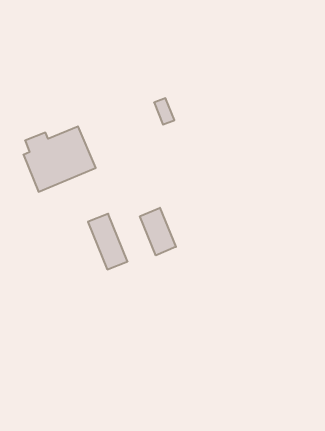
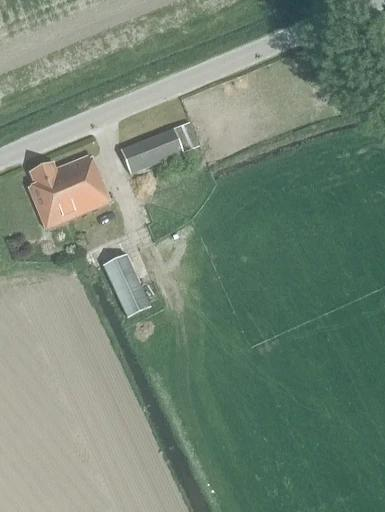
building: none -> [123,127,185,173]
building: [140,208,176,255] -> none

